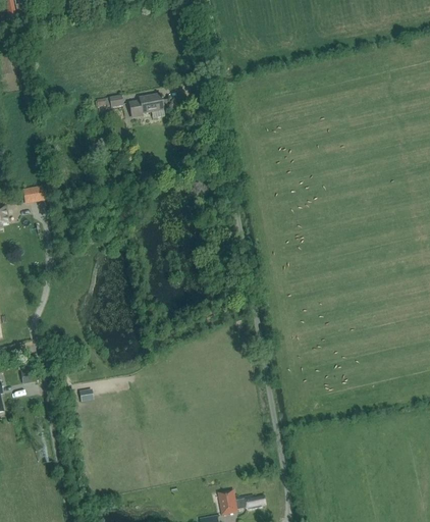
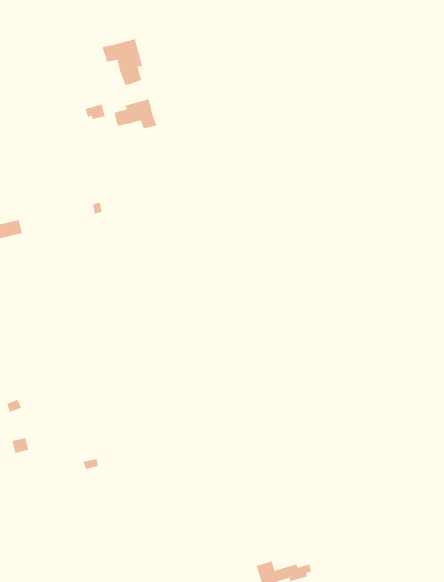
building: none -> [102,38,143,86]

